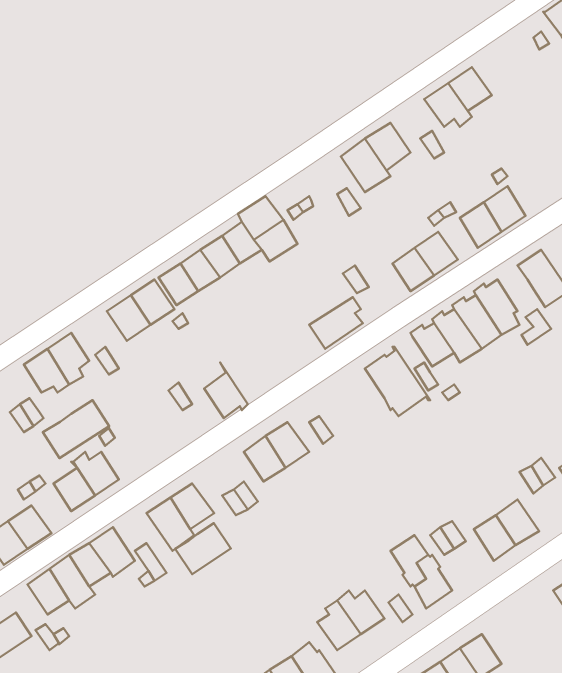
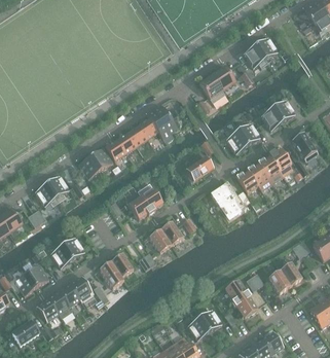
building: none -> [137,183,162,213]
building: [43,400,109,458] -> none
building: [175,523,231,574] -> none

